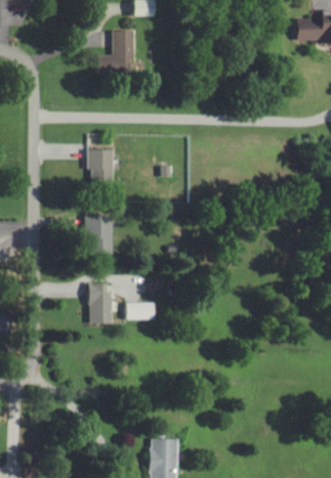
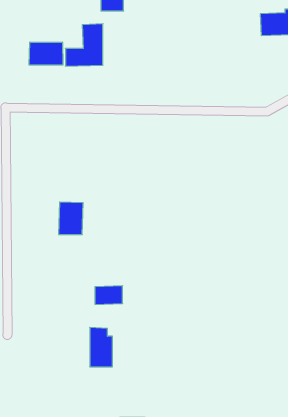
building: none -> [29,42,63,65]
building: [88,148,113,180] -> none
building: [88,281,112,322] -> [90,327,112,367]

